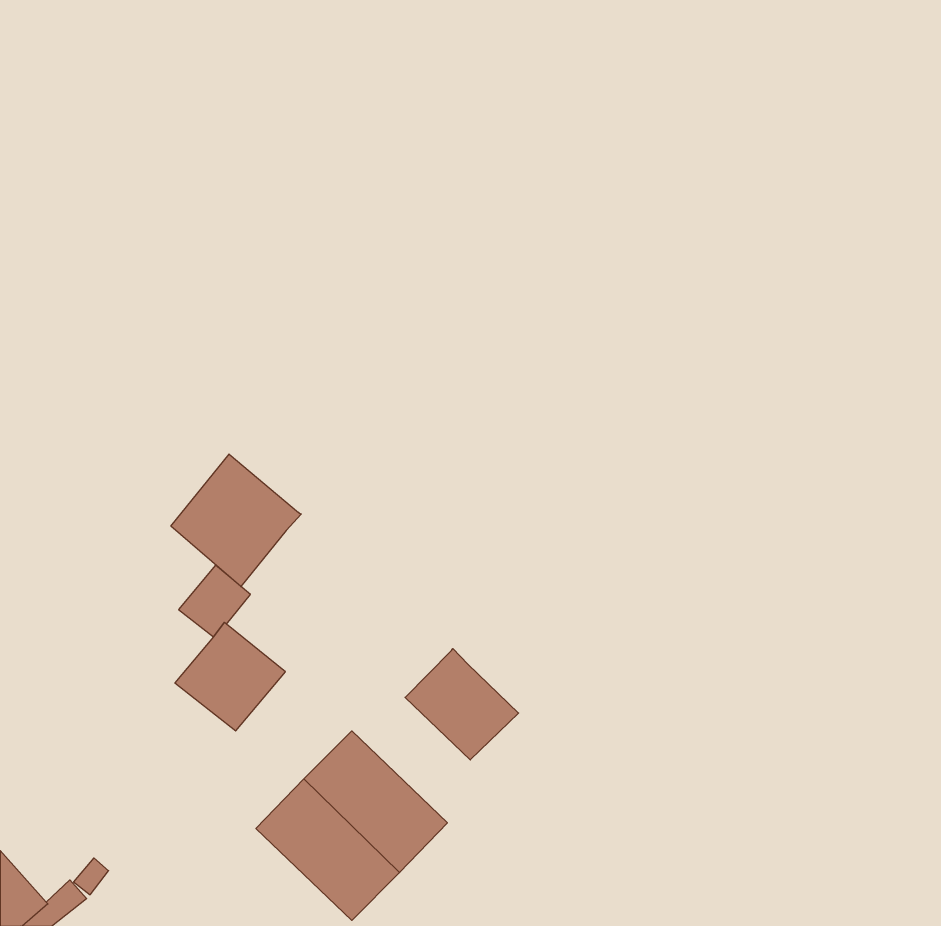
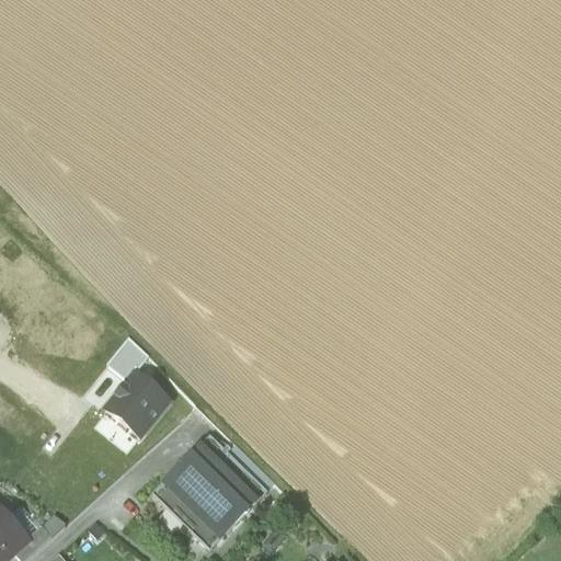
building: [171,454,301,587] -> none
building: [405,649,519,760] -> none

